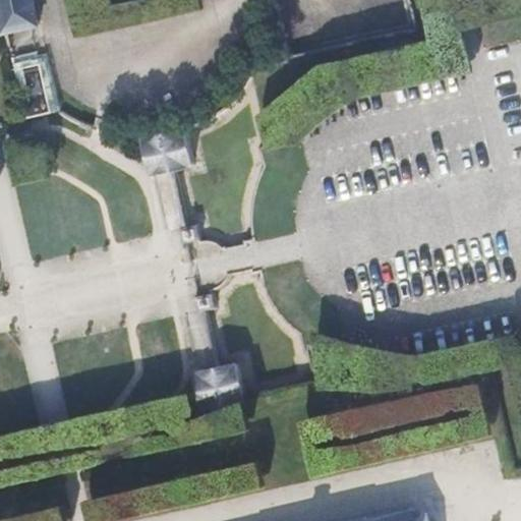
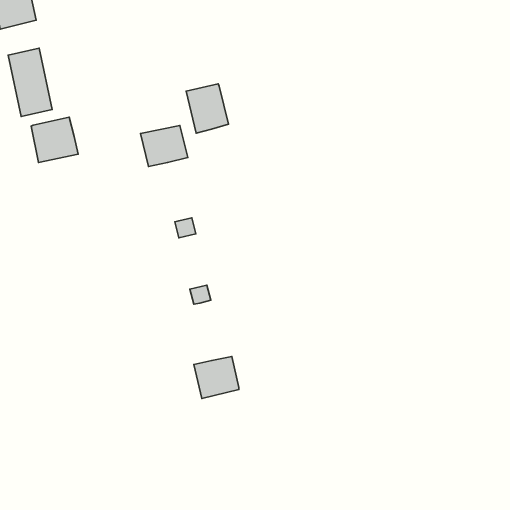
building: none -> [186,84,229,133]
building: none -> [31,117,78,163]

